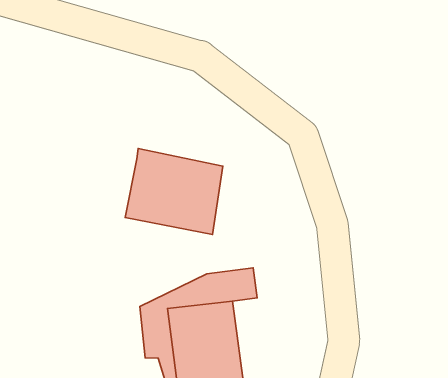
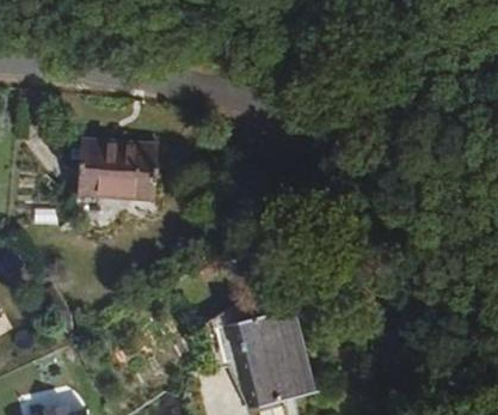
building: [125,148,223,234] -> [79,133,160,201]

